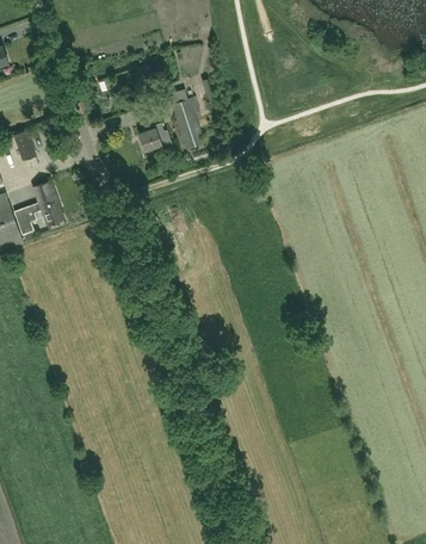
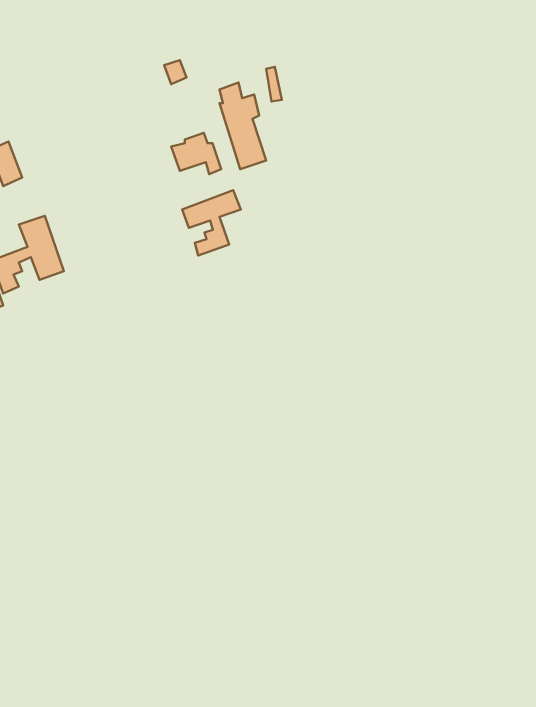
building: none -> [182,190,241,255]

